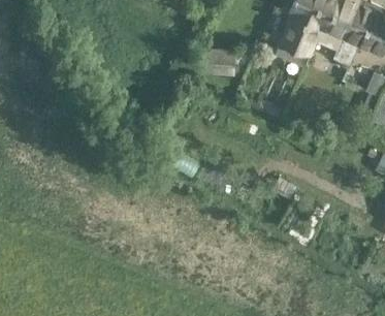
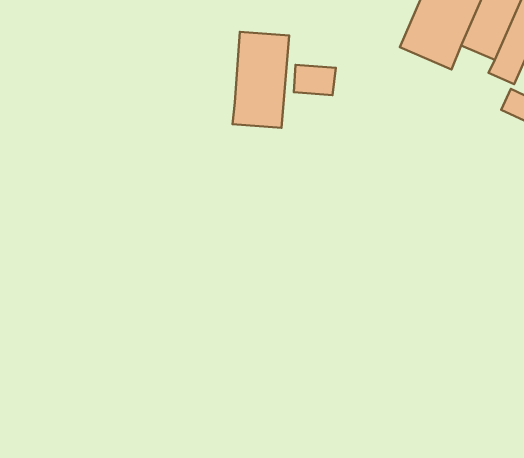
building: none -> [232,32,289,128]

